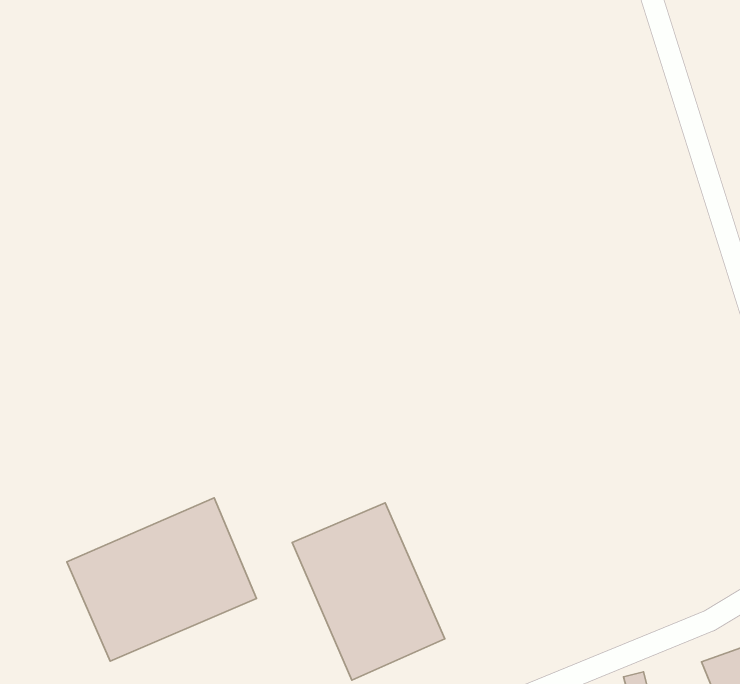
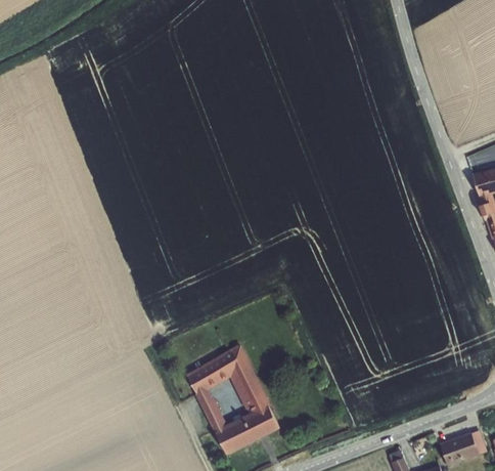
building: [67,498,256,661] -> none

